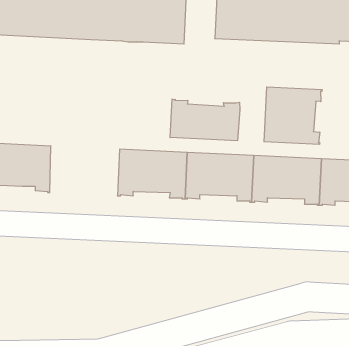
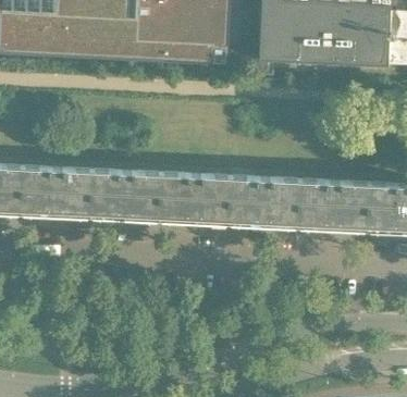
building: [264,87,322,144] -> none
building: [170,99,240,141] -> none
building: none -> [89,173,161,224]

